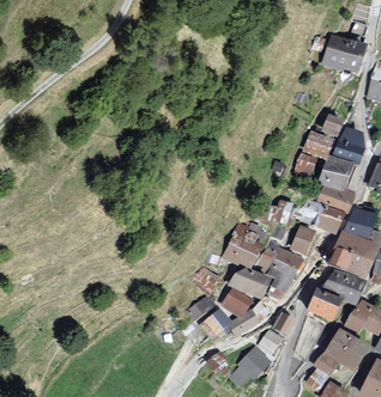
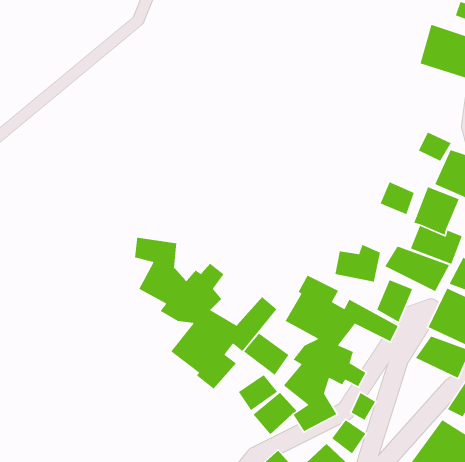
building: [302,130,335,160] -> none
building: none -> [134,237,277,389]
building: [304,283,343,319] -> none

